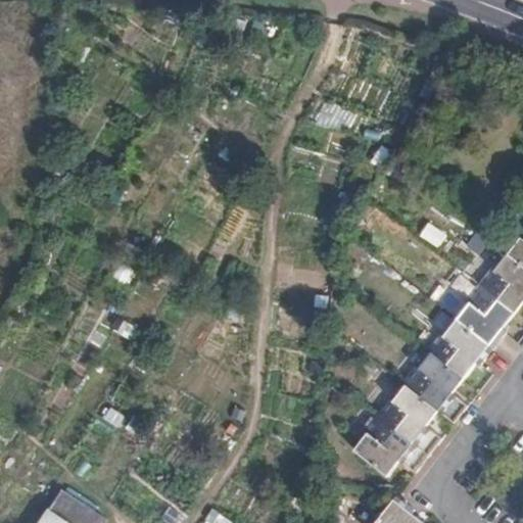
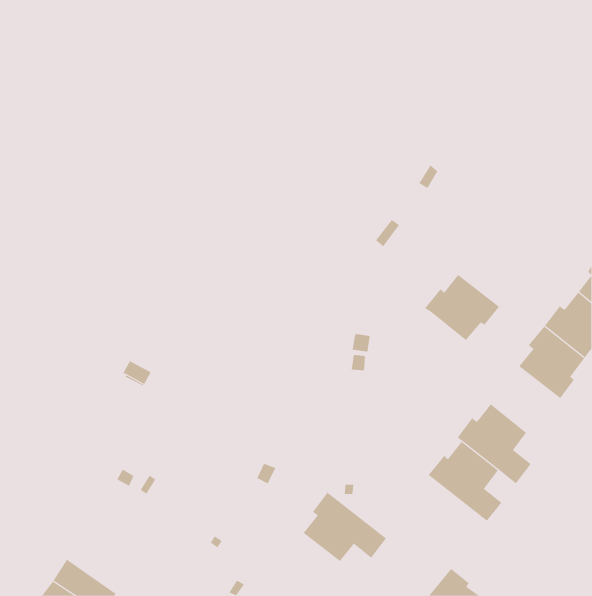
building: [425,321,491,379] -> [424,274,500,341]
building: [353,416,427,477] -> [303,492,387,562]

